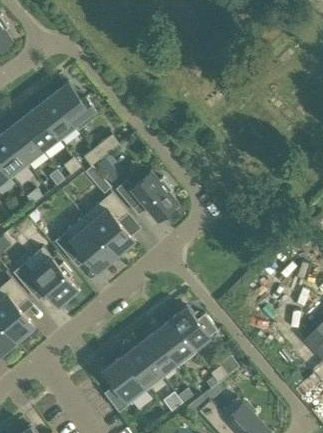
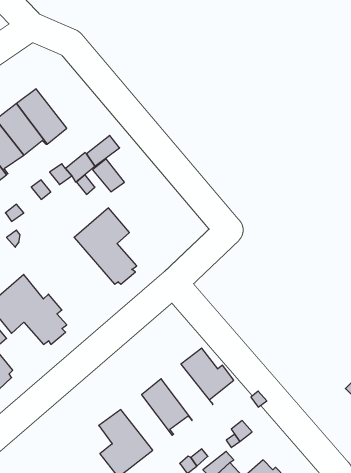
building: [51,84,94,129] -> none
building: [115,172,176,220] -> none
building: [54,218,115,272] -> none
building: [153,321,195,366] -> none
building: [120,346,162,391] -> none

